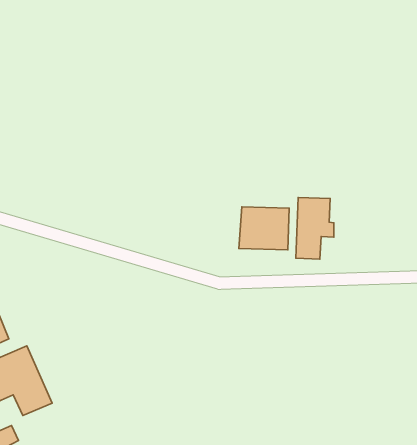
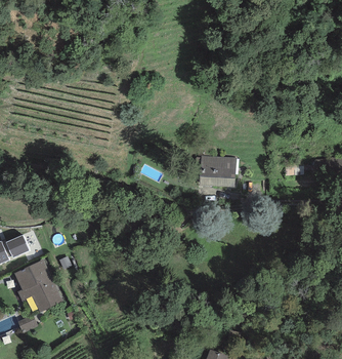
building: [296,198,334,259] -> none

